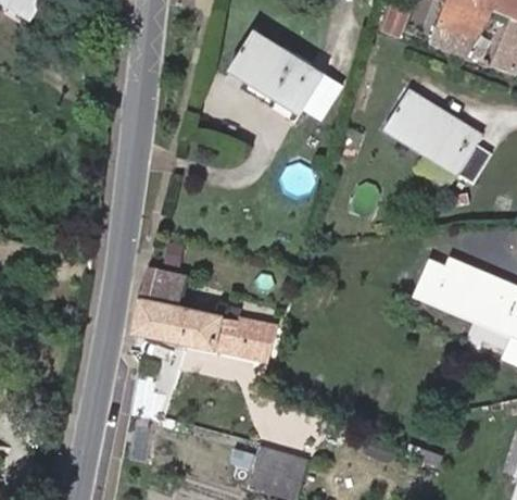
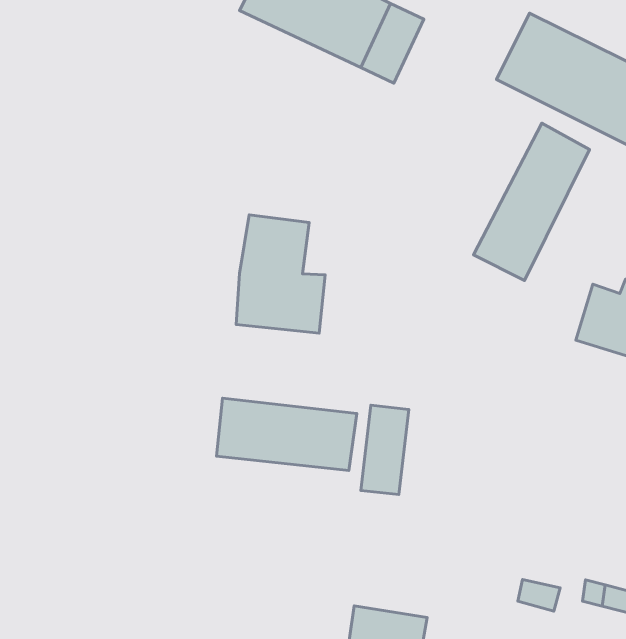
building: none -> [473,123,590,280]
building: [134,266,192,345] -> [236,215,325,333]
building: none -> [361,405,409,495]

